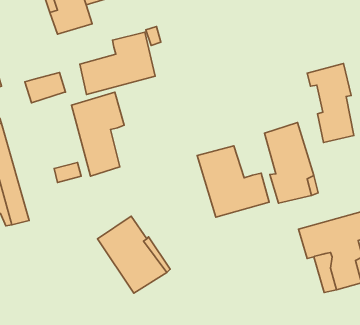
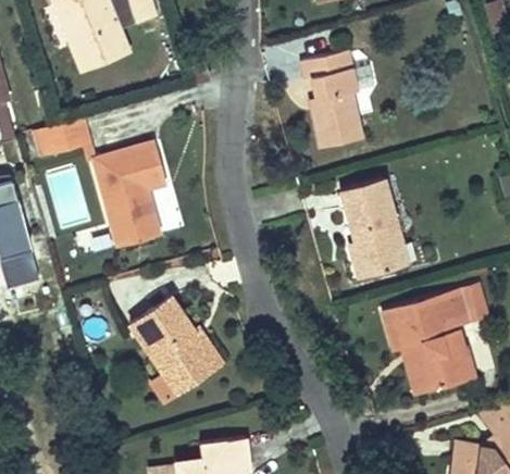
building: [80,32,155,95] -> none
building: [307,64,354,142] -> [299,50,358,149]
building: [197,146,269,217] -> none

